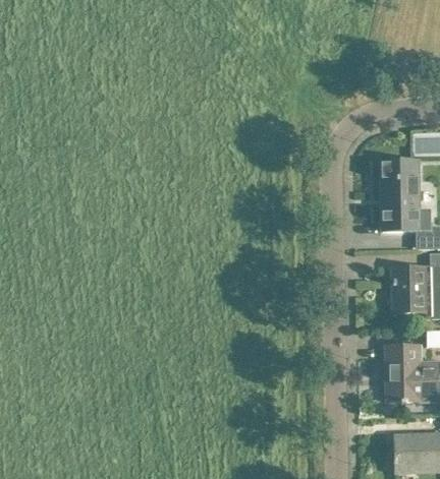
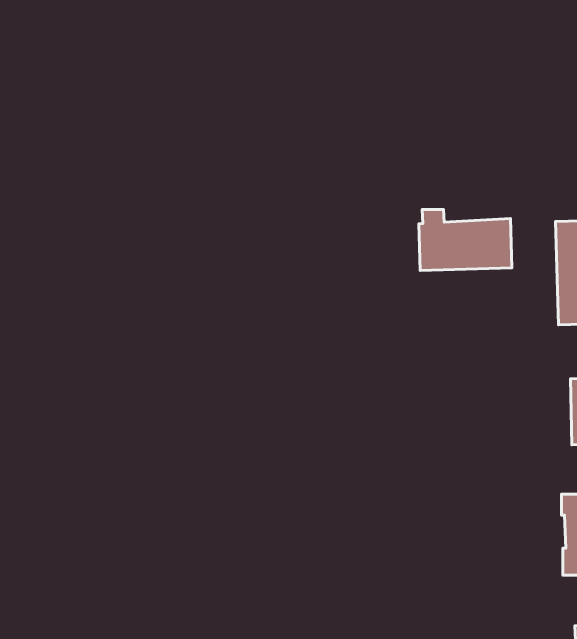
building: none -> [419,209,512,271]

